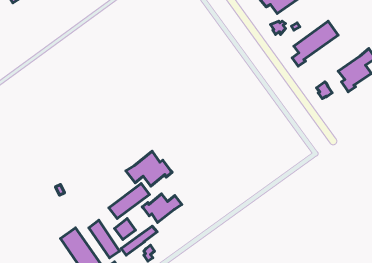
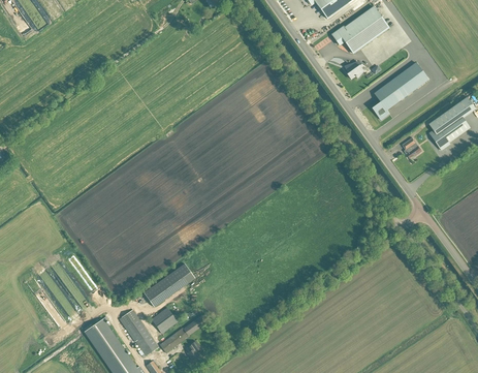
building: [126,151,172,186] -> none
building: [142,194,182,222] -> none

